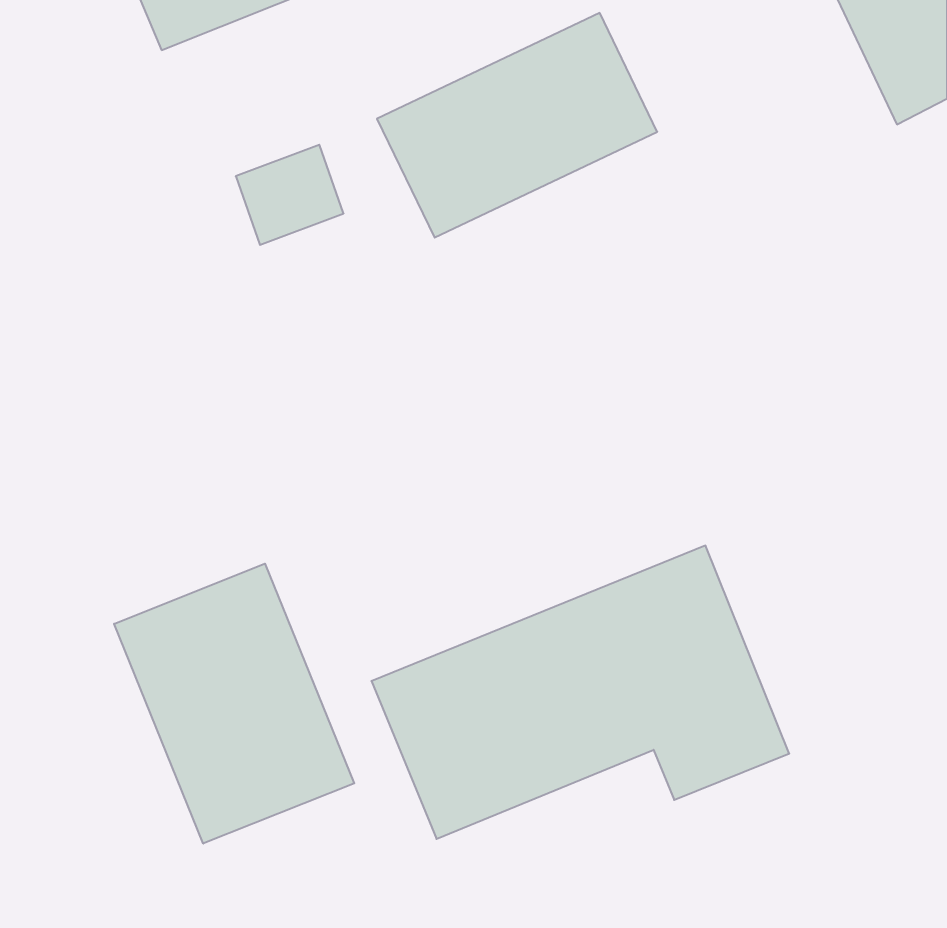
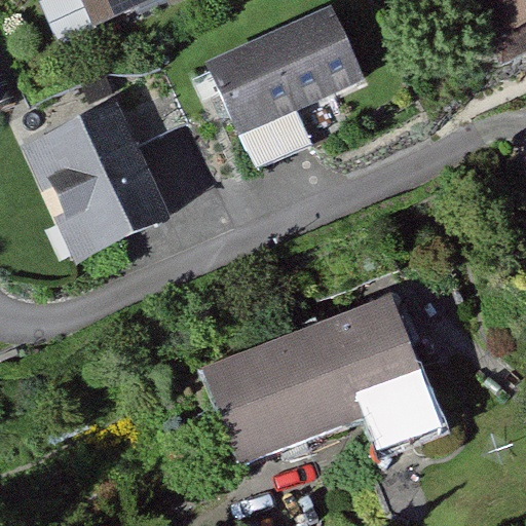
building: none -> [22,93,173,258]
building: [114,564,354,844] -> none

